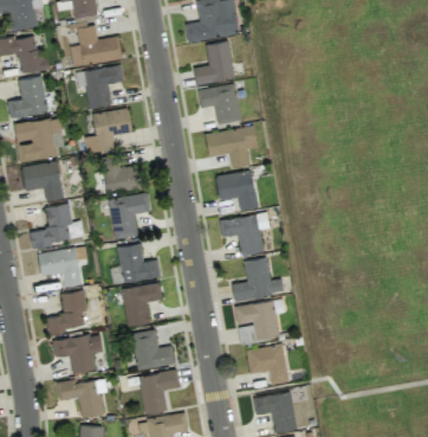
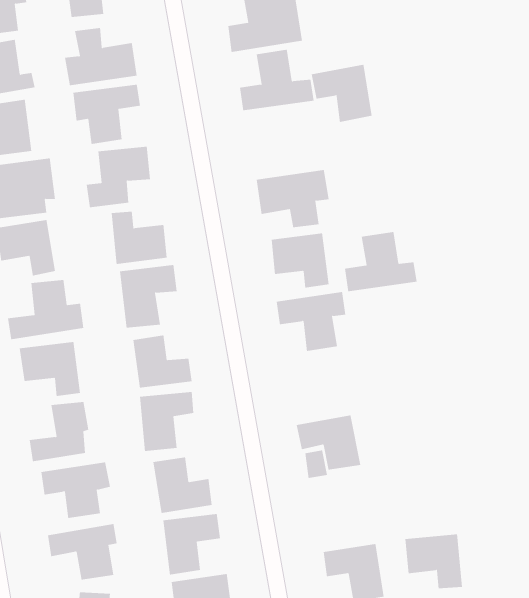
building: [197,84,241,126] -> [311,64,373,122]
building: [232,258,284,301] -> [344,232,418,292]
building: [247,346,288,385] -> [405,534,463,589]

